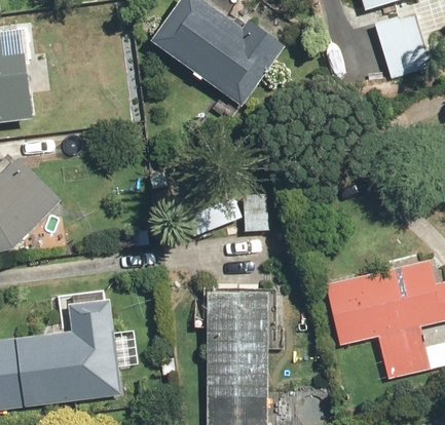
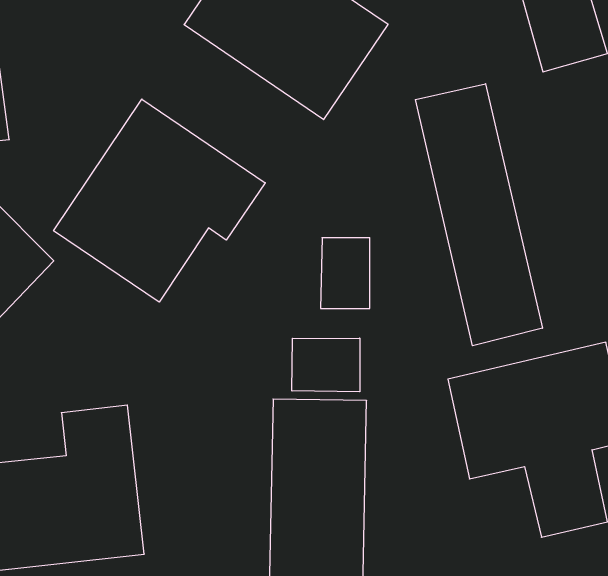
building: none -> [415,84,542,346]
building: none -> [54,99,265,302]
building: none -> [292,338,360,392]

